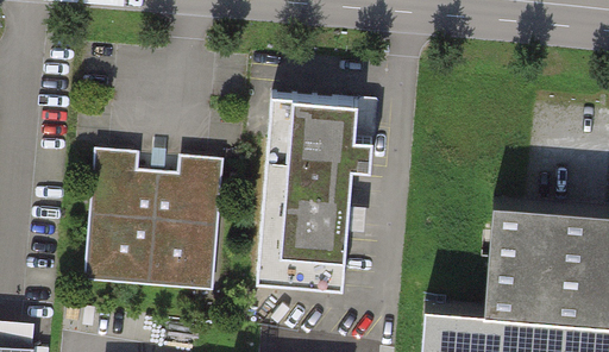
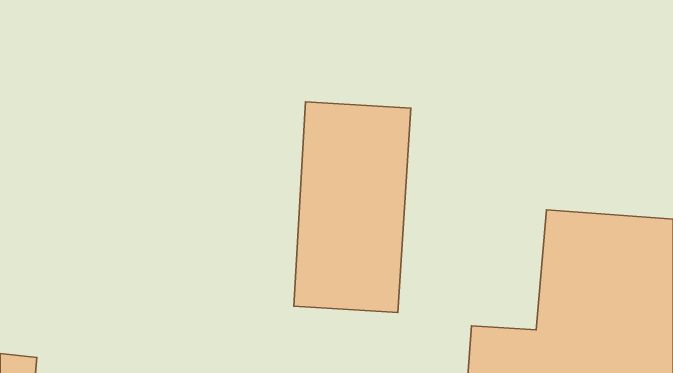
building: [100,158,236,295] -> none

